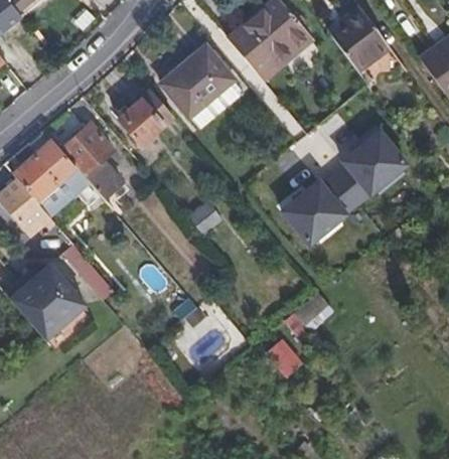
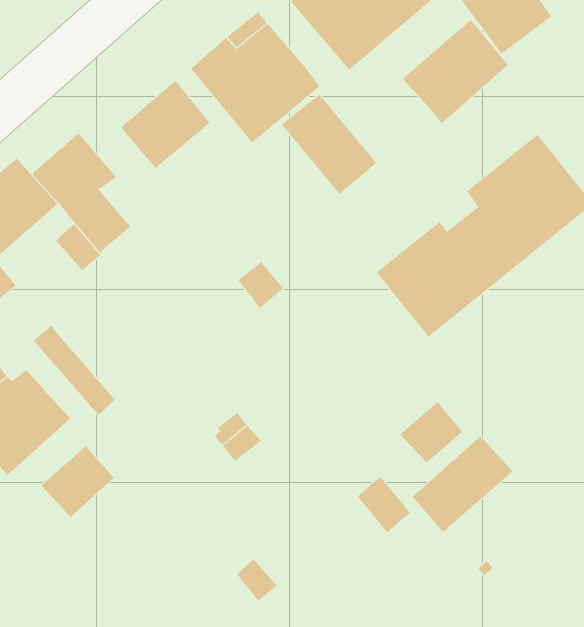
building: none -> [402,19,509,124]
building: none -> [281,94,377,195]
building: none -> [412,436,514,533]
building: none -> [40,445,114,518]

